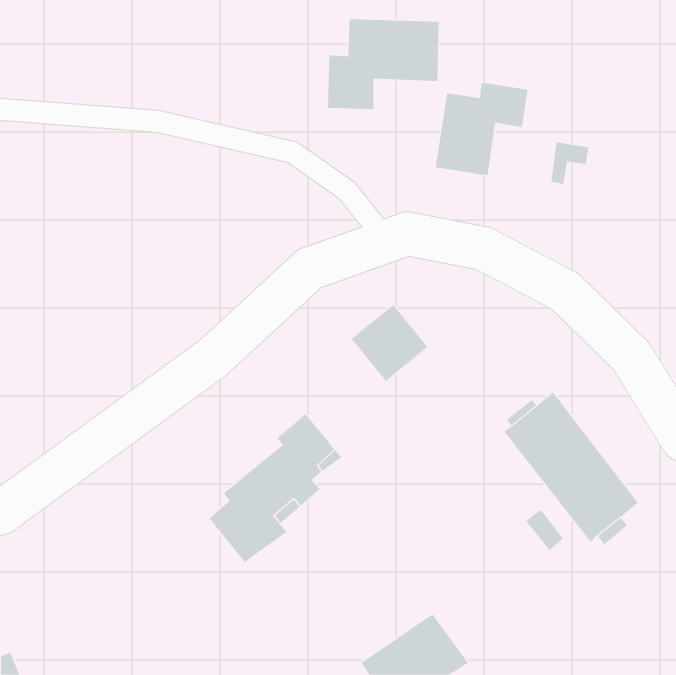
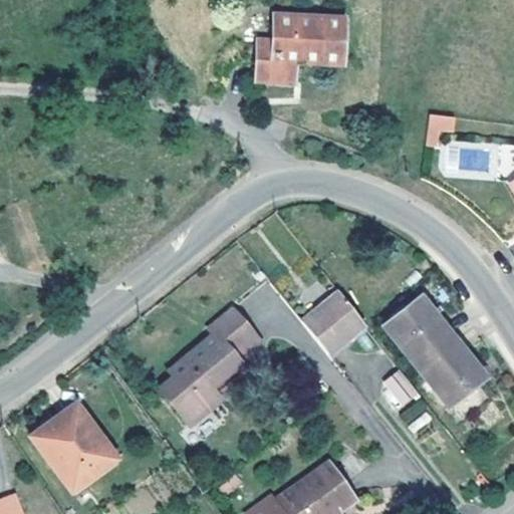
building: [435,82,528,176] -> none
building: [351,304,428,382] -> [306,295,364,353]
building: none -> [34,400,118,488]

